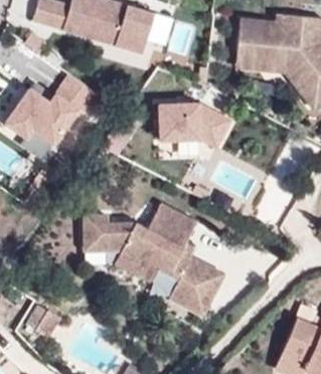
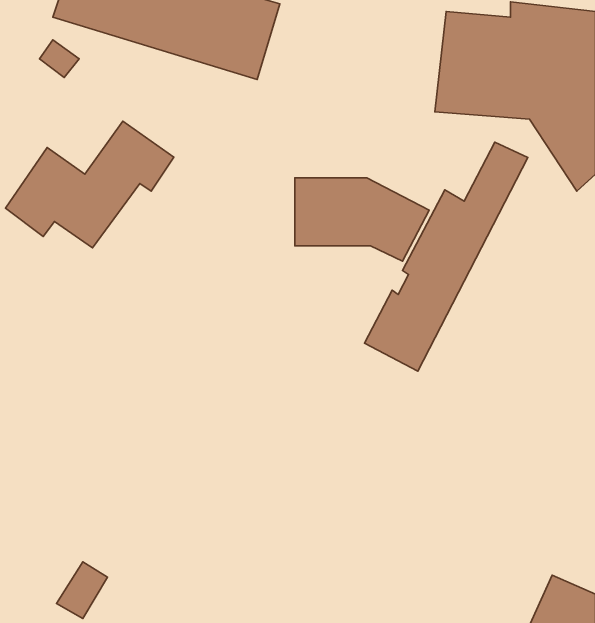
building: none -> [365,142,528,371]
building: [83,203,225,317] -> none

